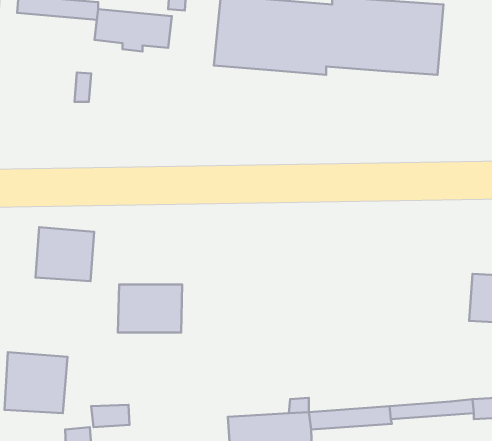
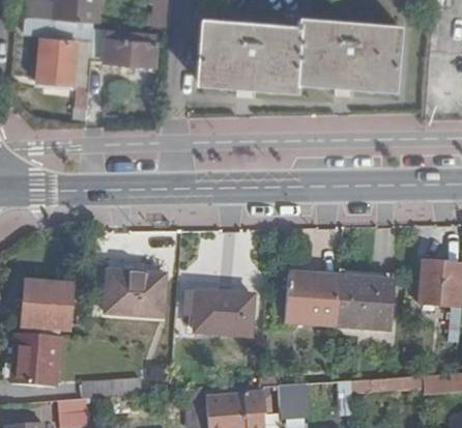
building: none -> [36,37,75,86]
building: [36,227,94,281] -> [26,281,78,329]
building: none -> [286,275,395,332]
building: none -> [187,290,254,335]

